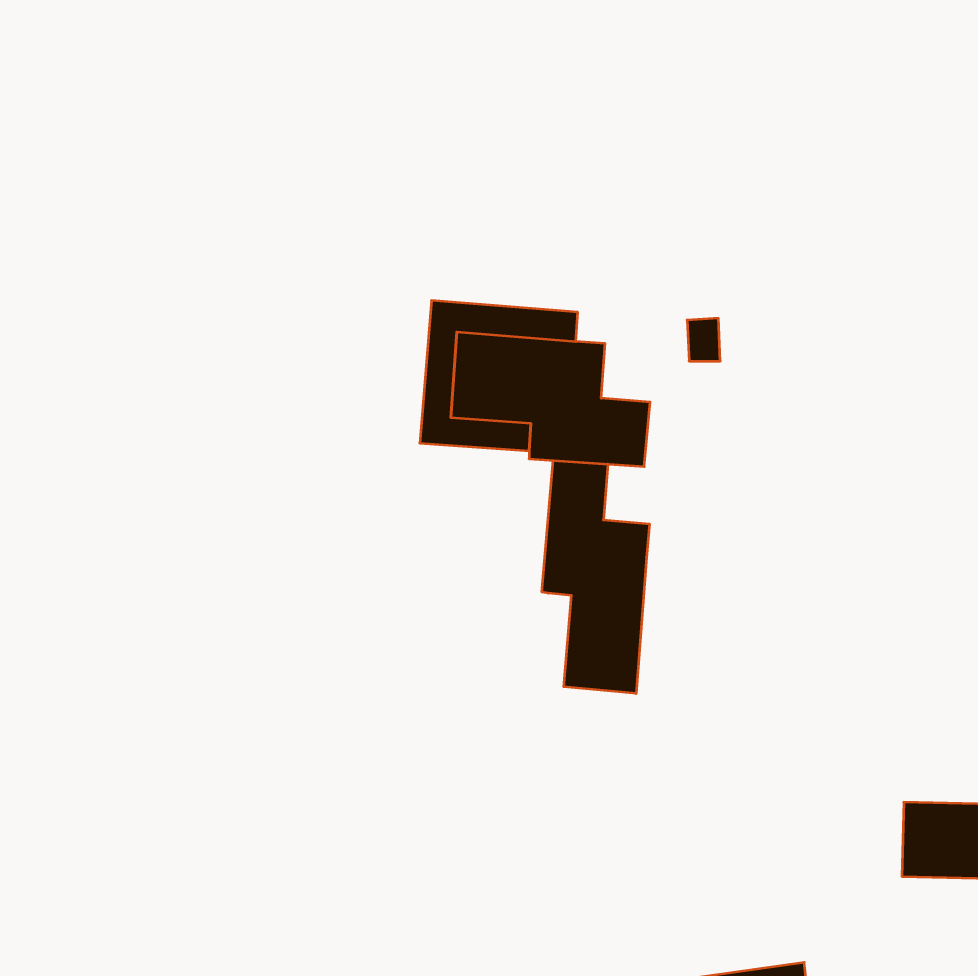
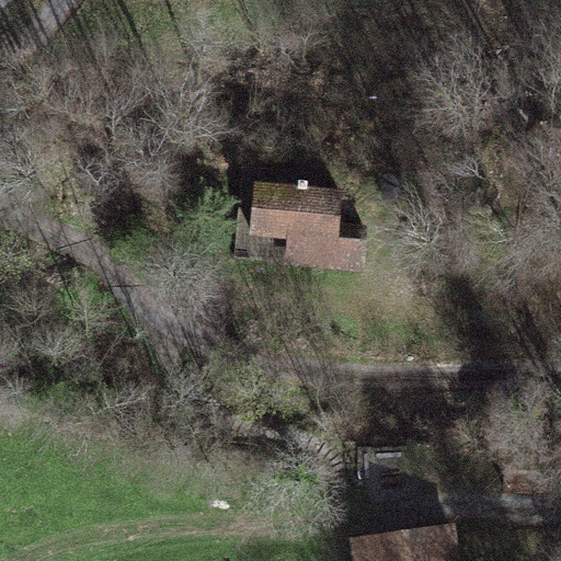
building: [542,461,649,694] -> none

